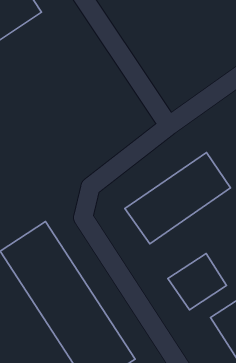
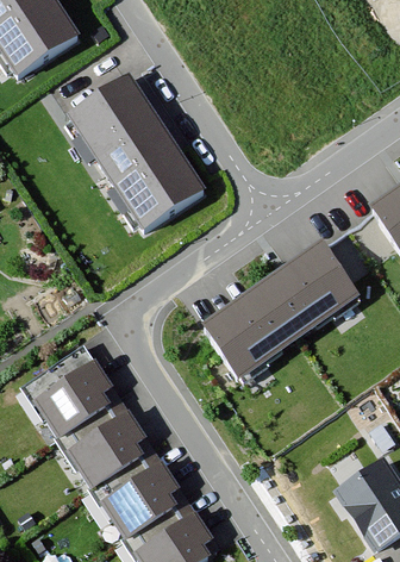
building: none -> [68,71,208,230]
building: [168,254,227,310] -> none

